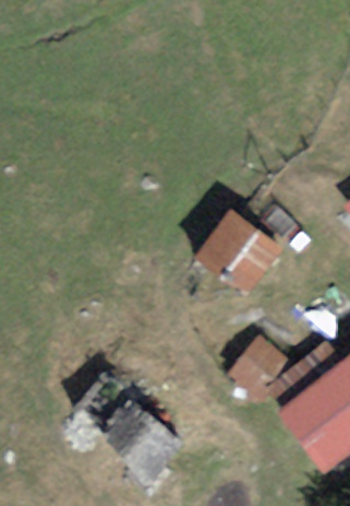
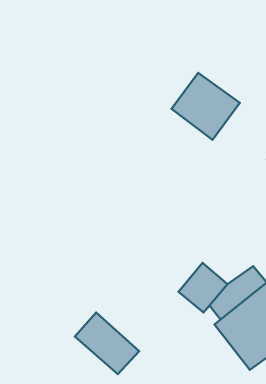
building: [195,210,282,295] -> [171,73,240,140]

